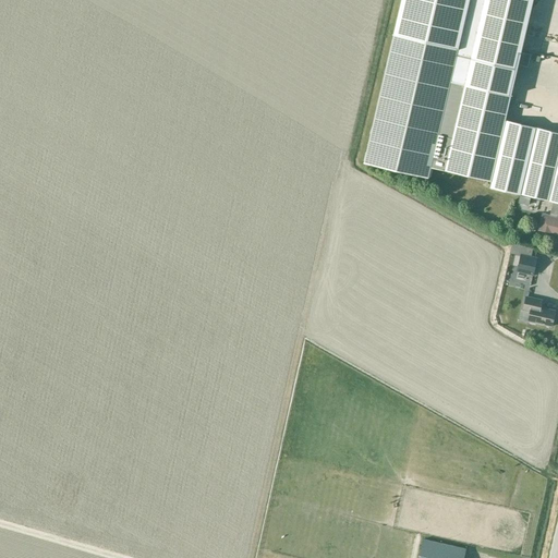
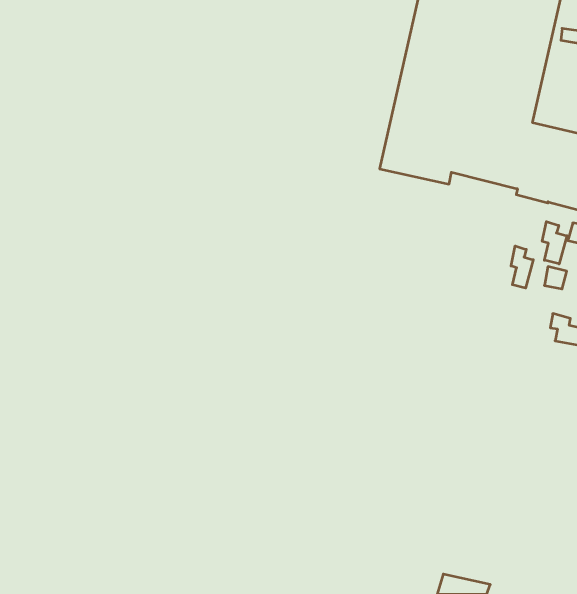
building: none -> [542,222,567,264]
building: none -> [511,246,533,288]

